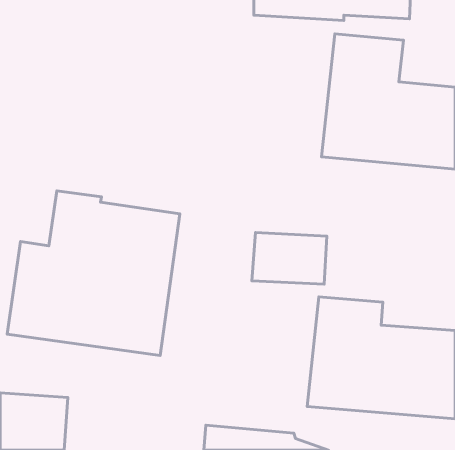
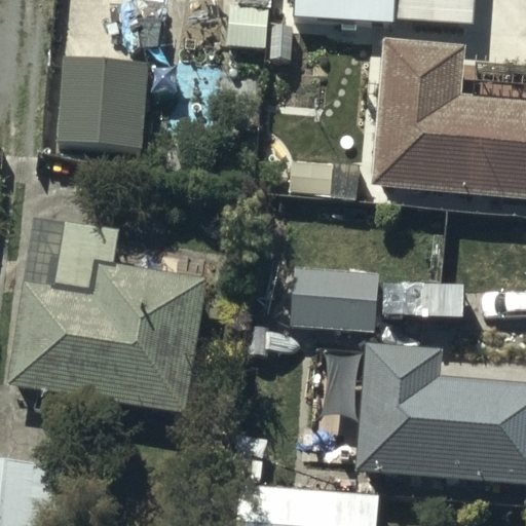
building: none -> [61,61,144,145]

